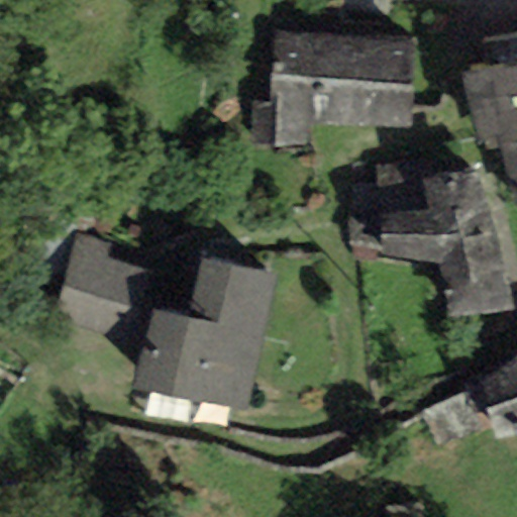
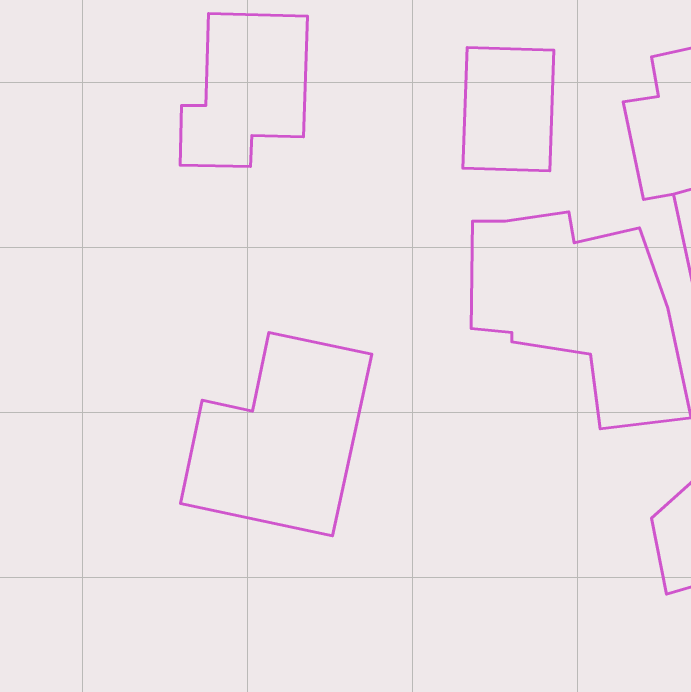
building: [254,34,349,148] -> [180,13,308,167]
building: [57,231,156,334] -> none

